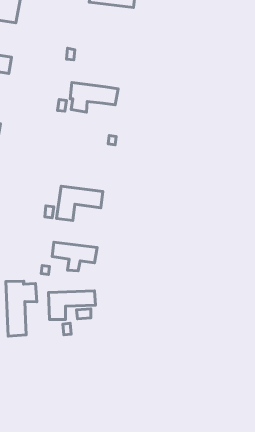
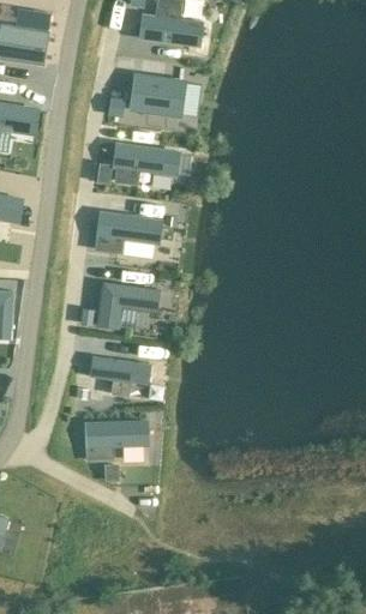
building: none -> [130,74,181,116]
building: none -> [96,212,160,258]
building: [6,281,37,336] -> none

